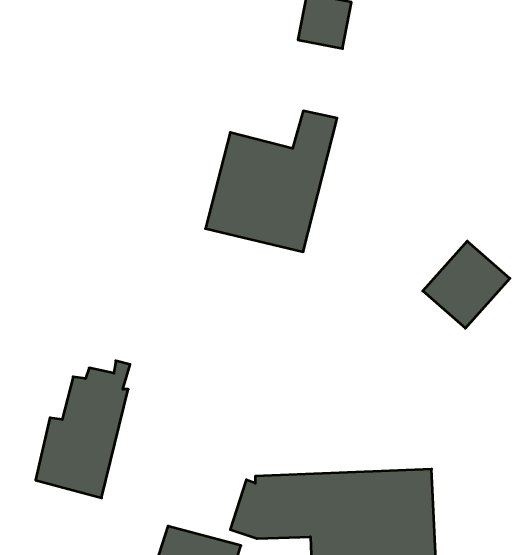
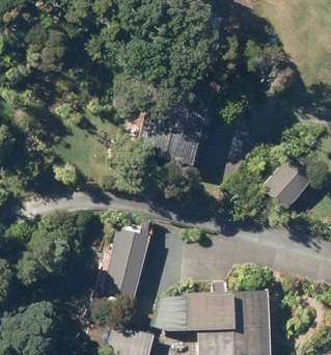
building: [36,361,130,498] -> [96,219,151,299]

